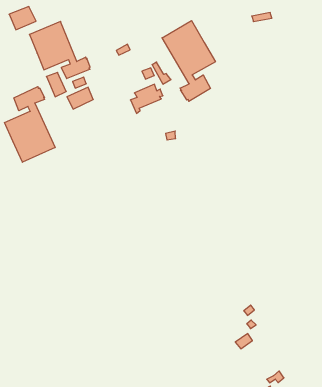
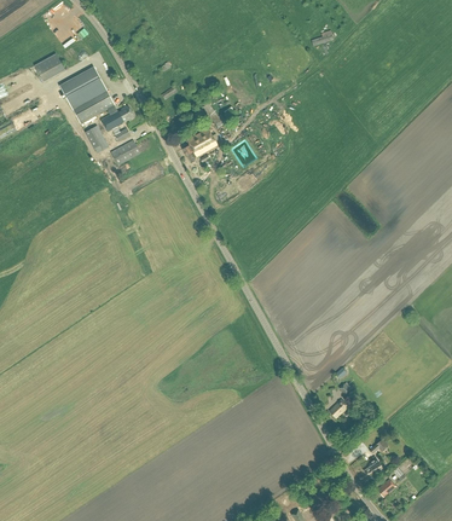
building: [162,21,215,101] -> none
building: [5,87,55,162] -> none

